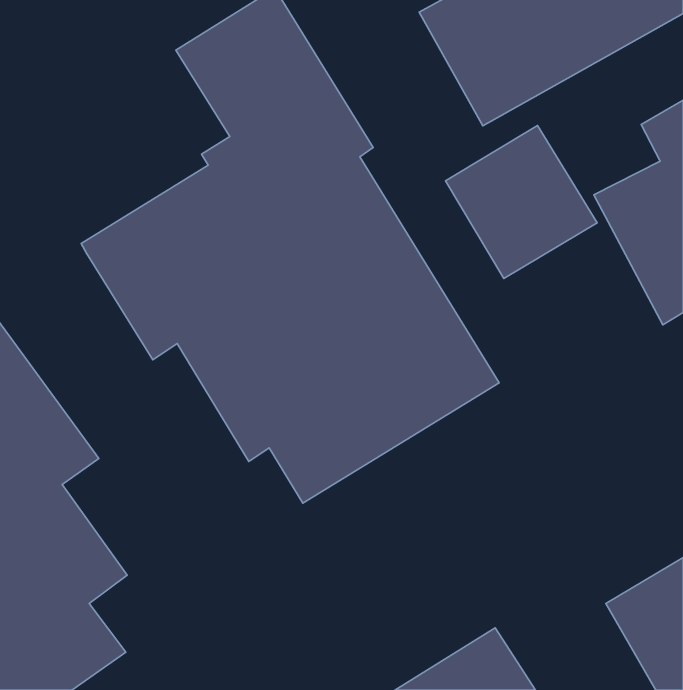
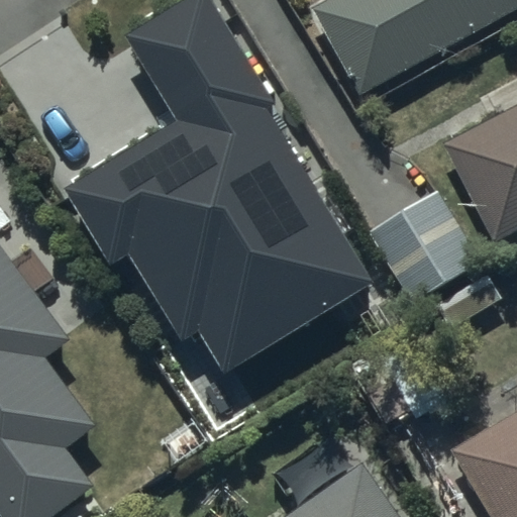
building: [446,125,597,278] -> [368,192,481,306]

